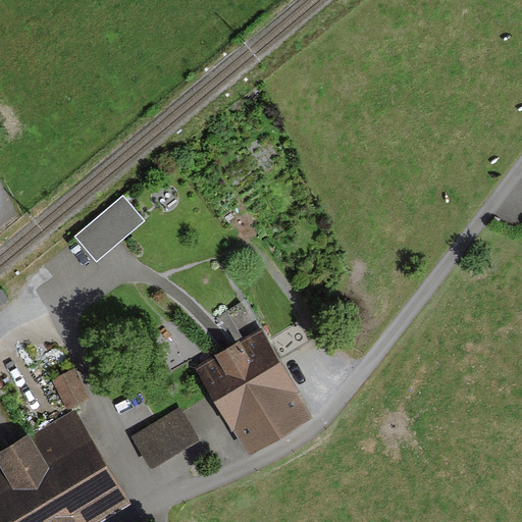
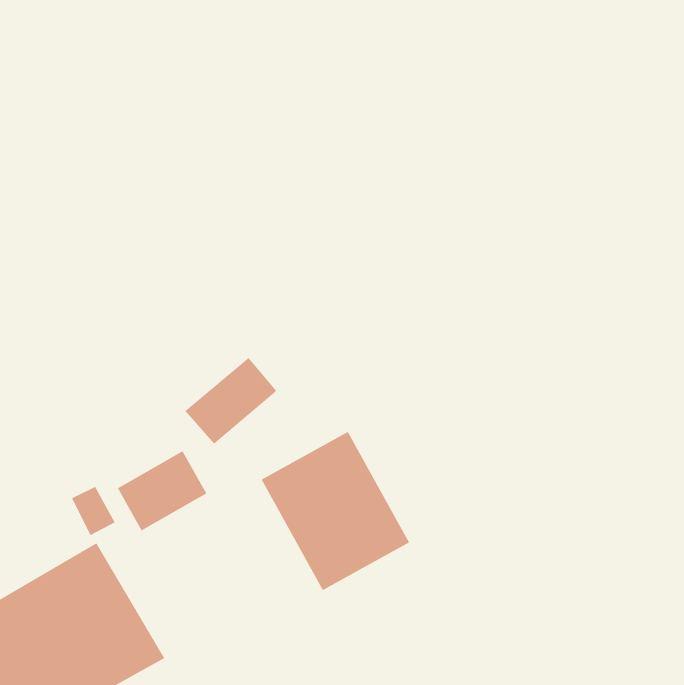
building: [72,197,143,263] -> [184,357,277,445]
building: [130,407,199,468] -> [117,450,207,531]

